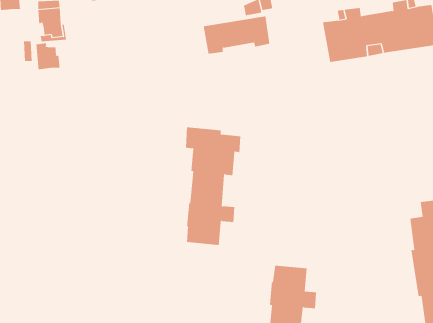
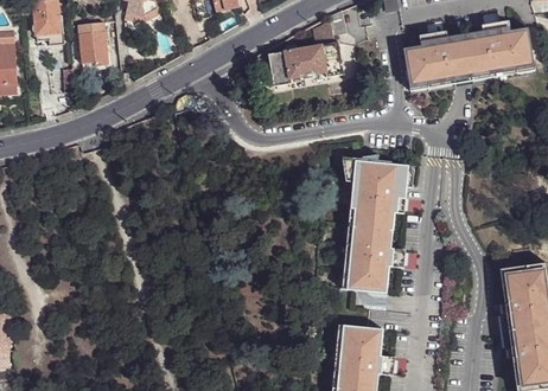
building: [36,43,60,70] -> none
building: [185,127,241,245] -> [346,156,410,291]

